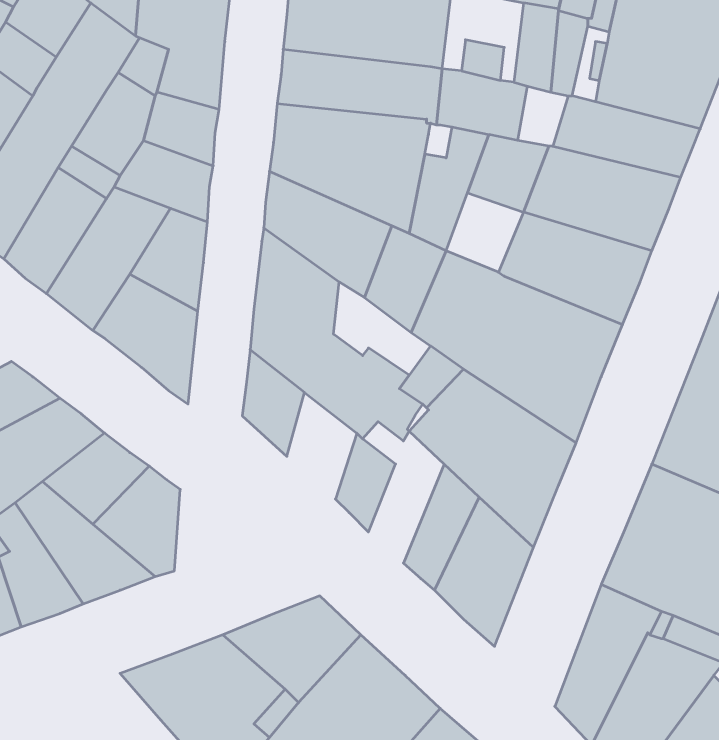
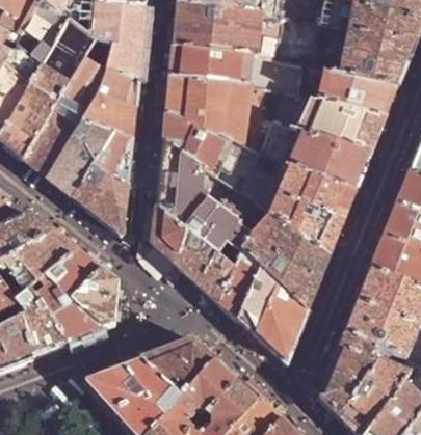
building: none -> [261,121,302,164]
building: none -> [201,169,253,219]
building: none -> [176,228,213,286]
building: none -> [219,249,260,320]

